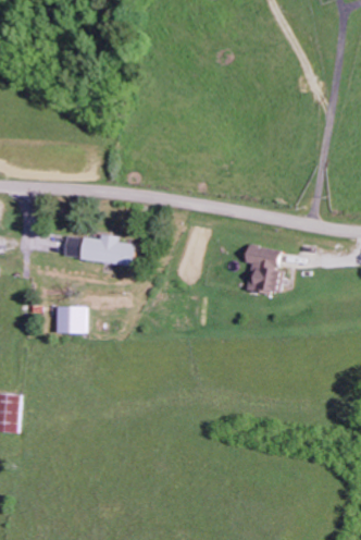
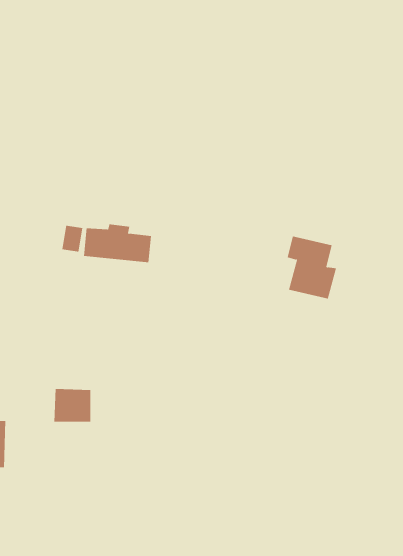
building: [53,306,84,333] -> [53,389,91,422]

